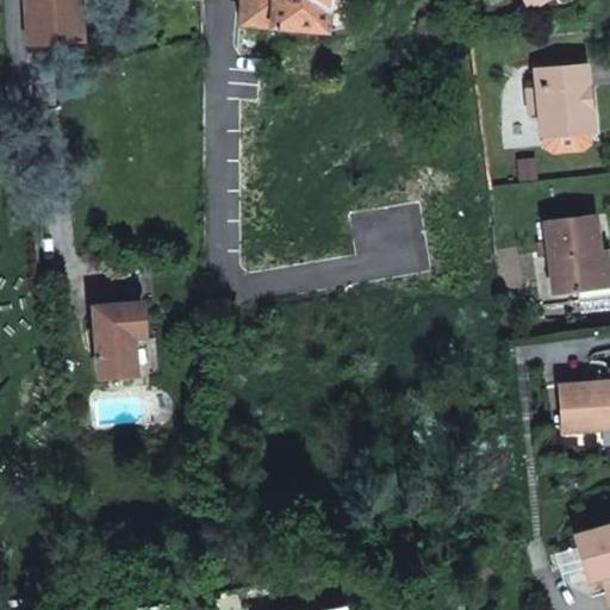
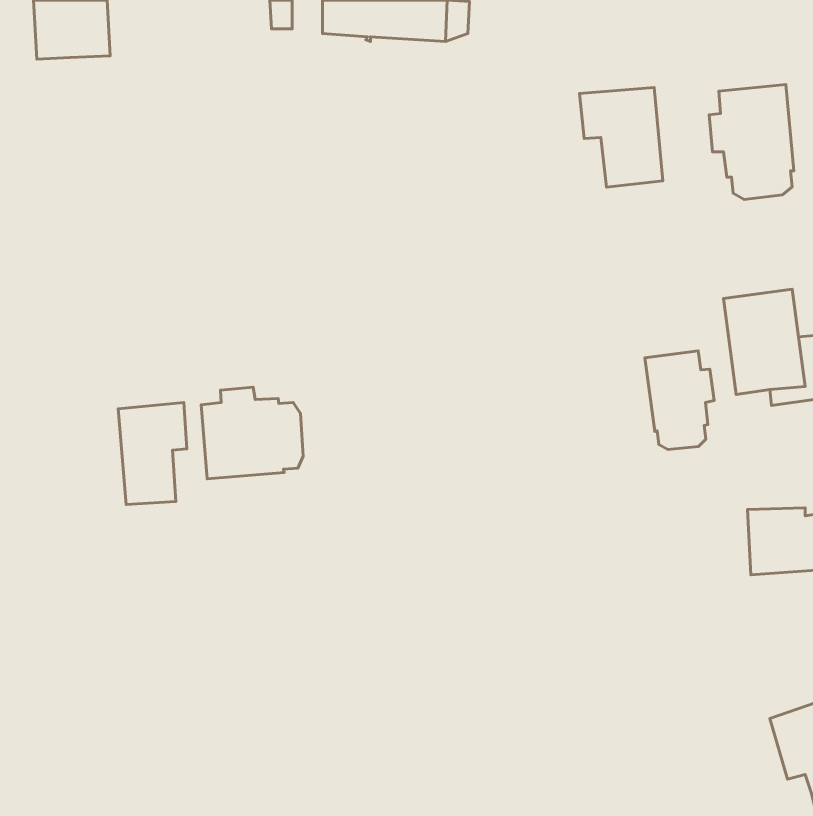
building: none -> [579,87,663,187]
building: none -> [645,351,714,449]
building: none -> [201,387,303,479]

